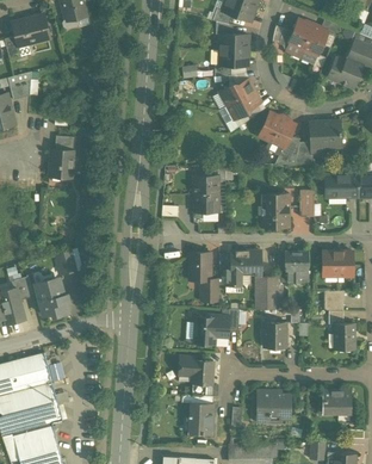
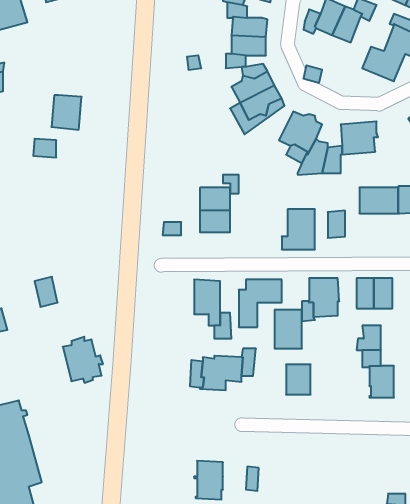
building: [49,149,74,178] -> [51,95,82,130]
building: [36,278,69,316] -> [63,337,103,383]
building: [179,355,213,384] -> none
building: [256,390,291,422] -> none
building: [323,390,351,413] -> none

